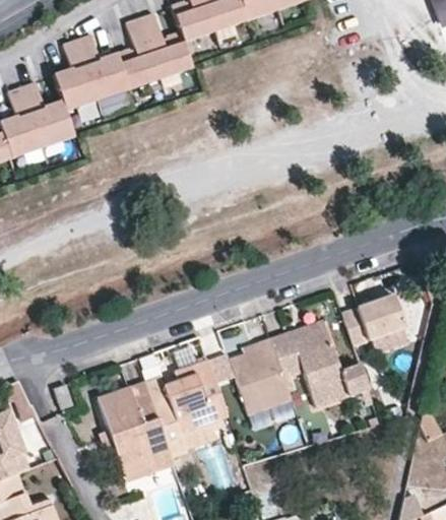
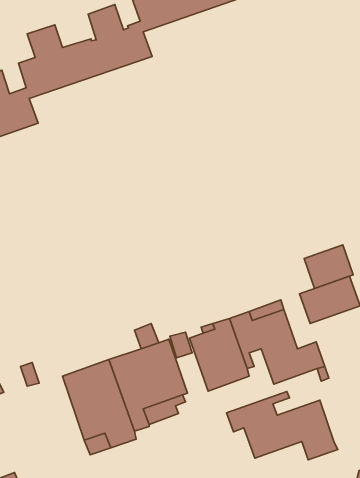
building: none -> [304,245,353,289]
building: none -> [227,392,338,460]

